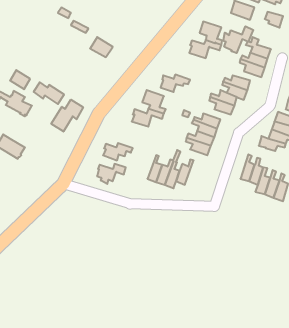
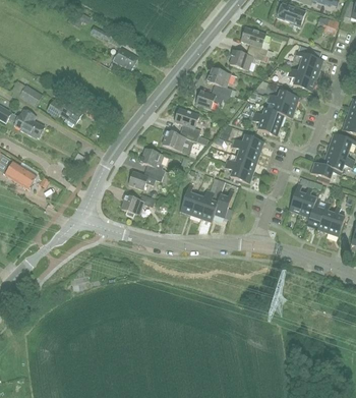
building: [223,26,253,53] -> none
building: none -> [205,67,232,95]
building: [51,100,83,132] -> none
building: none -> [138,148,165,175]

